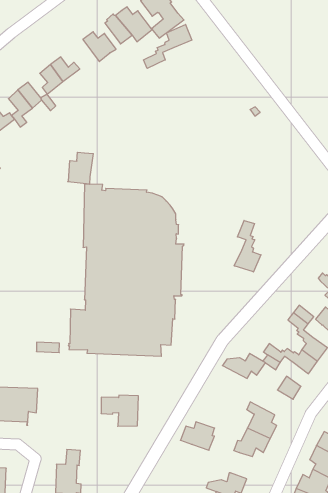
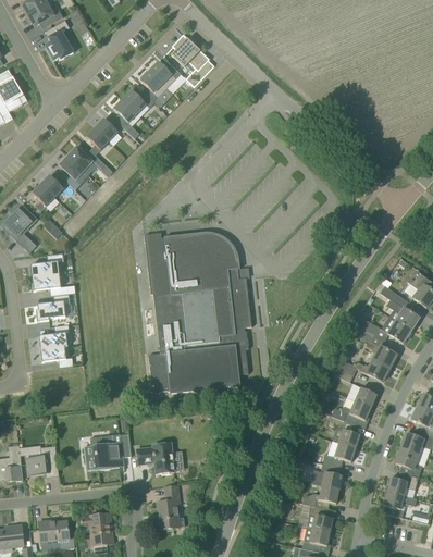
building: [144,24,192,68] -> none
building: none -> [113,98,140,131]
building: [68,152,93,184] -> none
building: [234,220,261,272] -> none
building: [222,353,265,378] -> [331,400,371,424]
building: [101,395,138,426] -> [136,442,174,473]
building: [180,422,215,450] -> [310,463,342,488]

